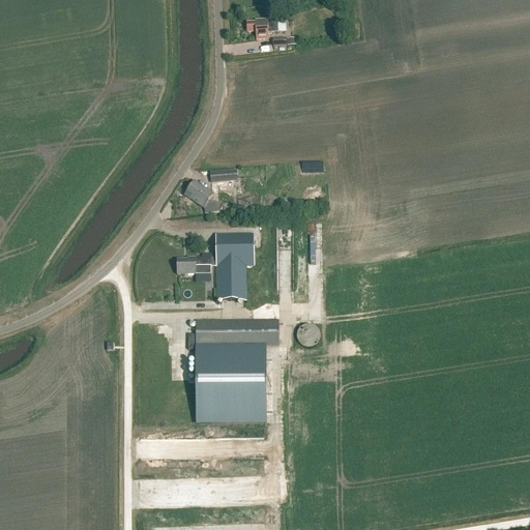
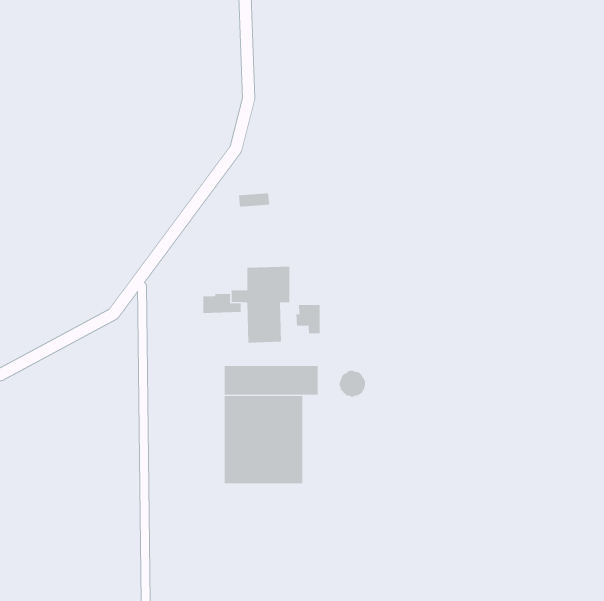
building: [244,19,277,38] -> none
building: [185,182,218,213] -> none
building: none -> [296,304,320,334]

